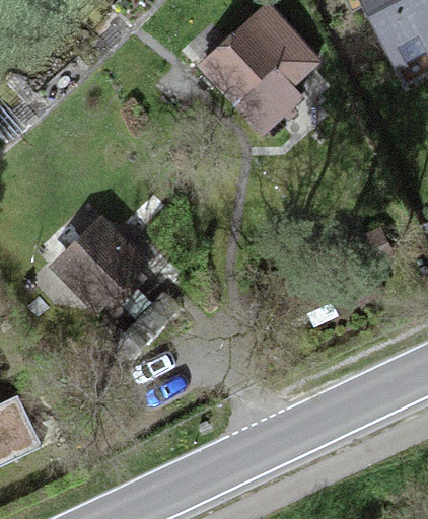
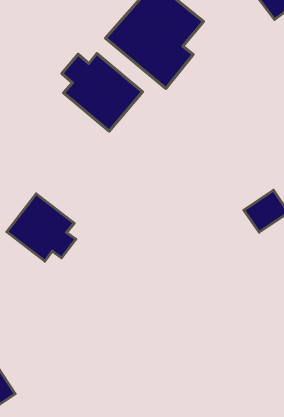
building: none -> [62,53,142,131]

